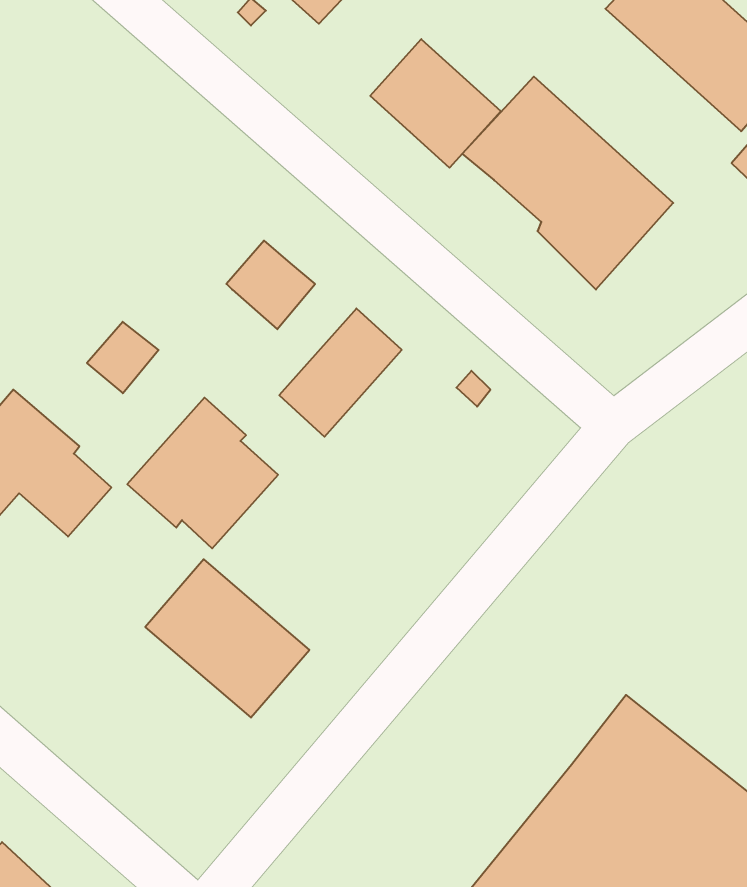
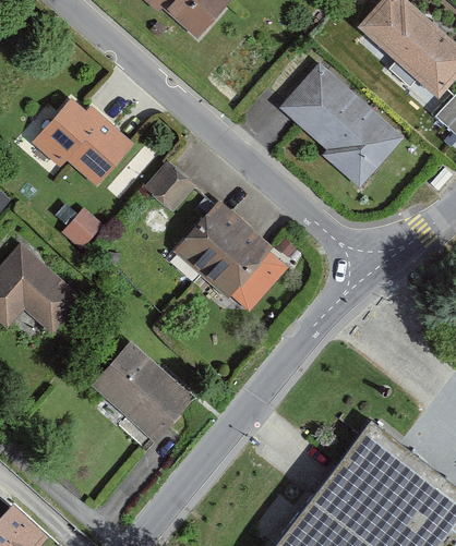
building: [370,39,501,168] -> none
building: none -> [32,98,130,184]
building: [127,398,278,548] -> [199,225,286,312]

